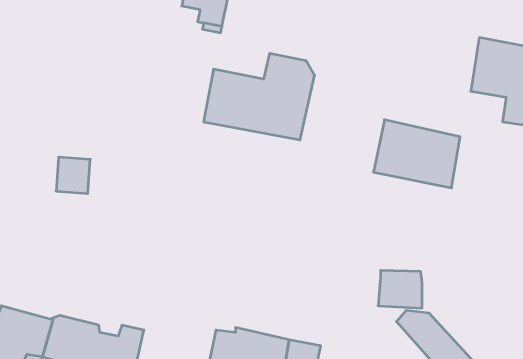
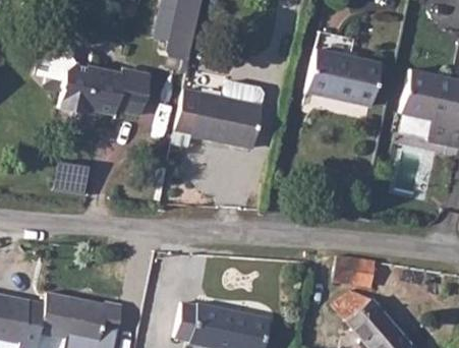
building: none -> [44,41,159,119]
building: [373,120,460,188] -> [300,45,372,102]

